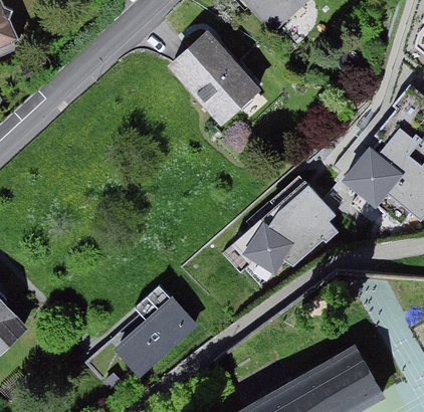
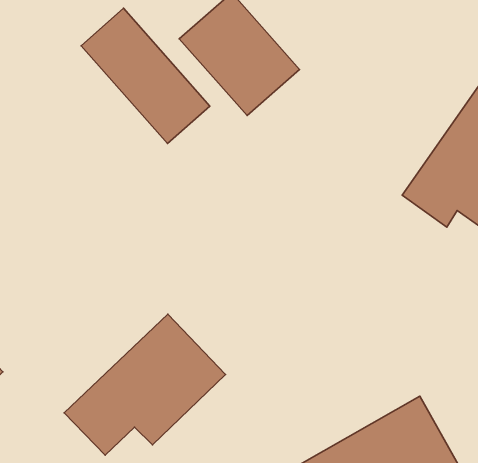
building: none -> [81,8,210,144]
building: [225,177,341,288] -> none

